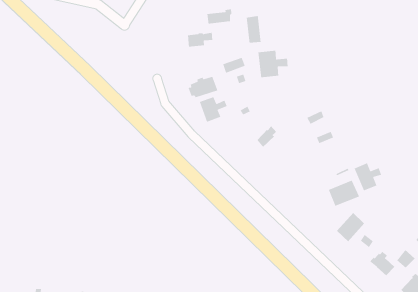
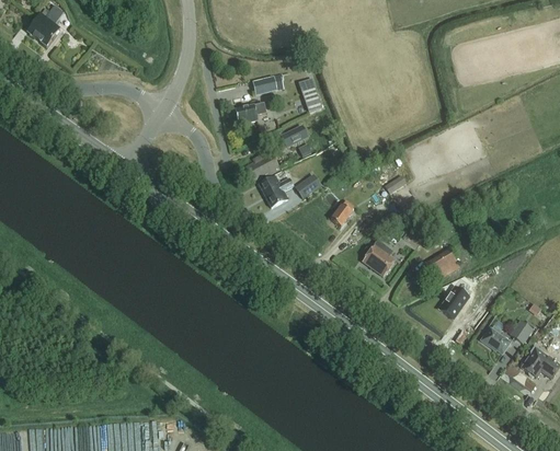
building: [258,50,289,78] -> none
building: [354,162,382,191] -> none
building: none -> [363,240,393,275]

